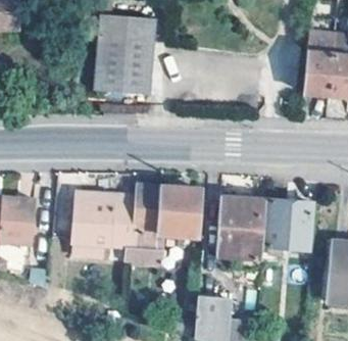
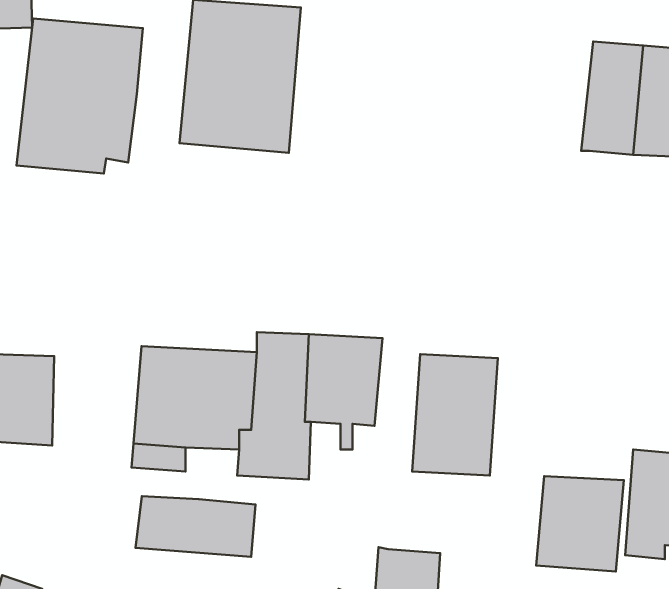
building: none -> [17,19,143,173]
building: [266,200,311,249] -> [536,476,624,572]
building: none -> [135,496,256,557]

